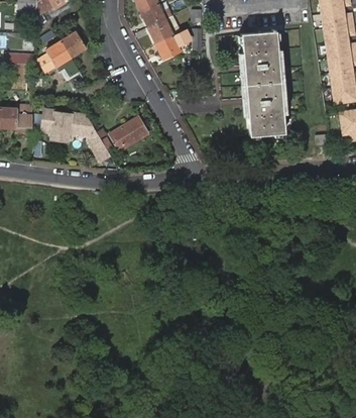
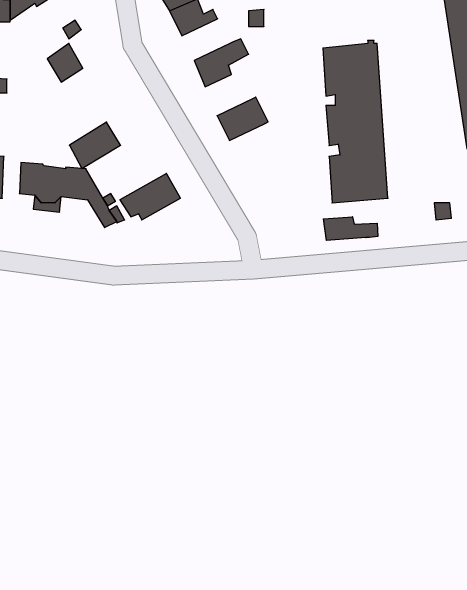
building: [148,15,182,43] -> [217,97,268,140]
building: [36,42,70,73] -> [69,122,121,168]
building: none -> [323,217,378,240]

